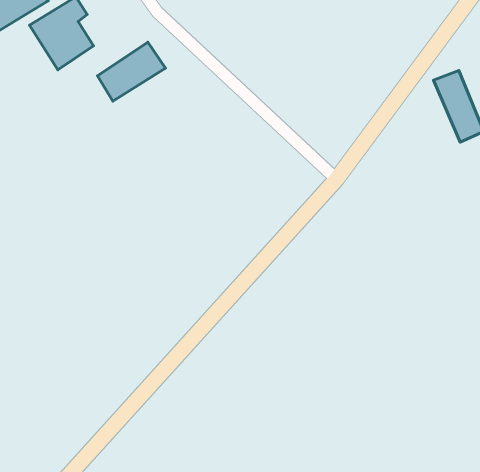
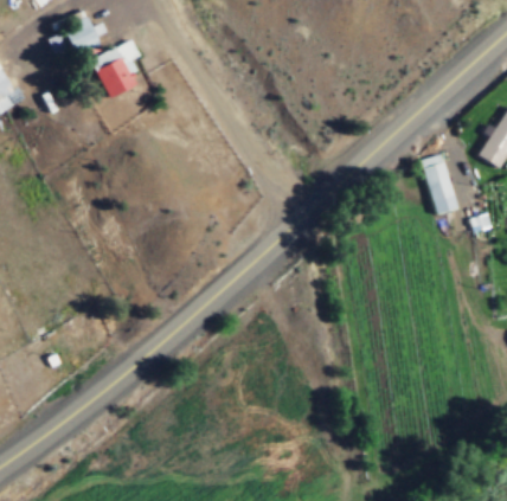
building: [97,42,165,101] -> none

